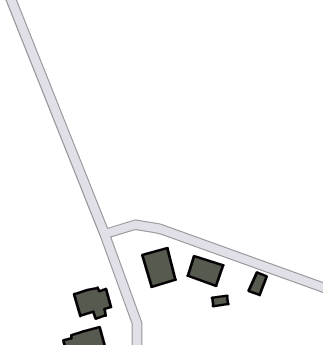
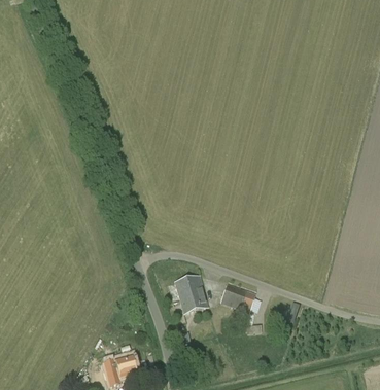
building: [74,288,111,319] -> none

